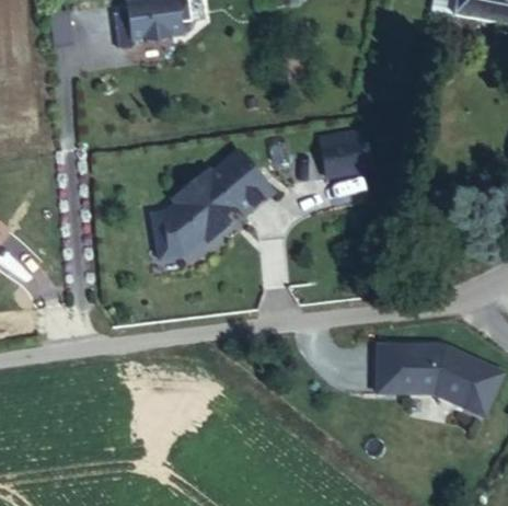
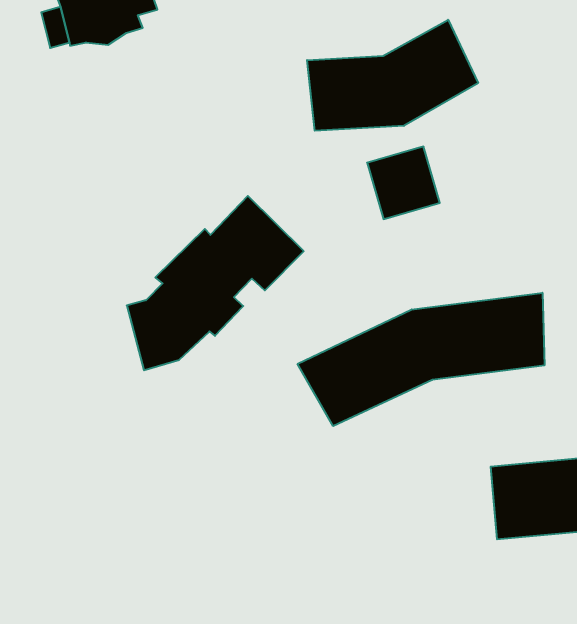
building: none -> [307,20,478,131]
building: none -> [298,293,544,426]

